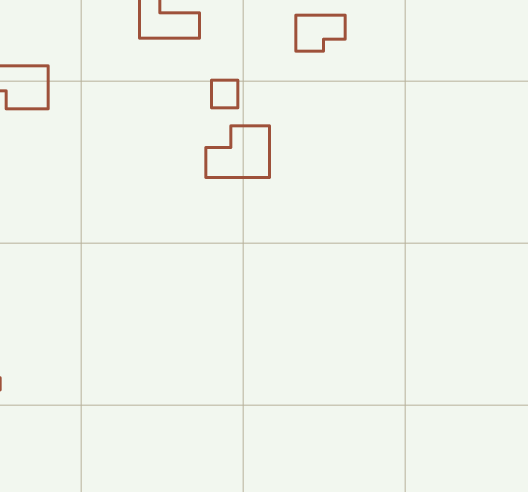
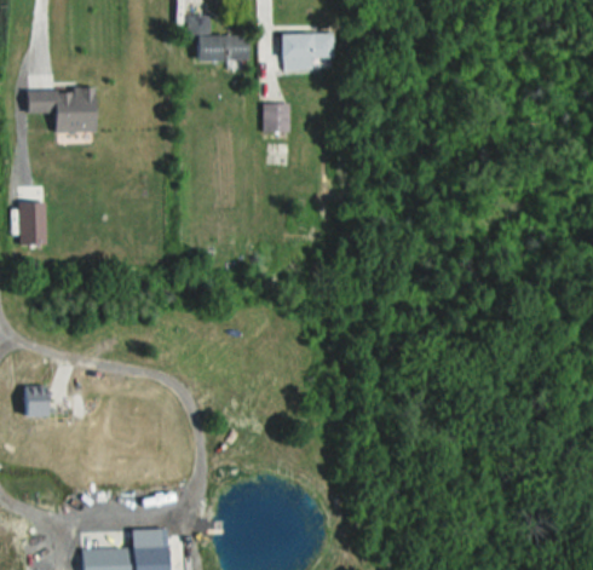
building: [296,15,345,51] -> [283,33,333,69]
building: [206,126,269,178] -> none

